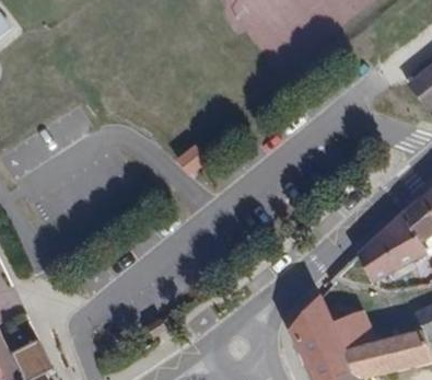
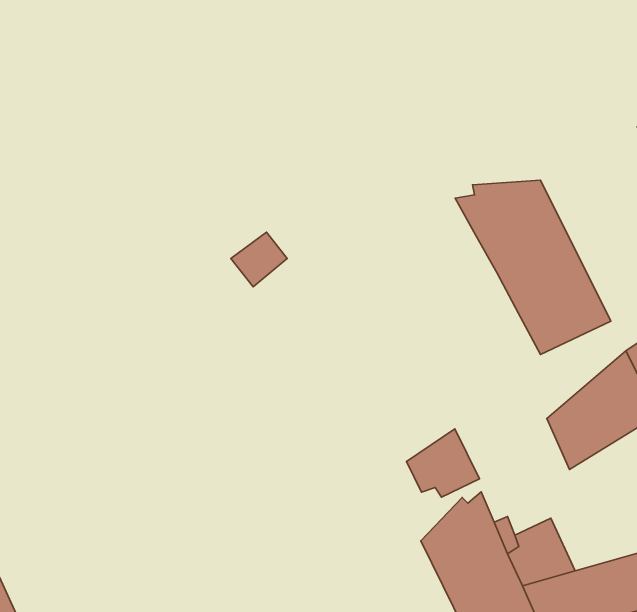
building: none -> [455,180,611,354]
building: none -> [407,429,479,497]

